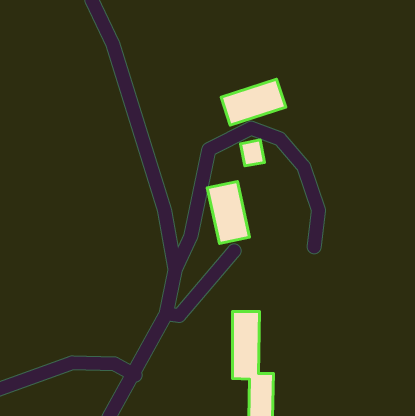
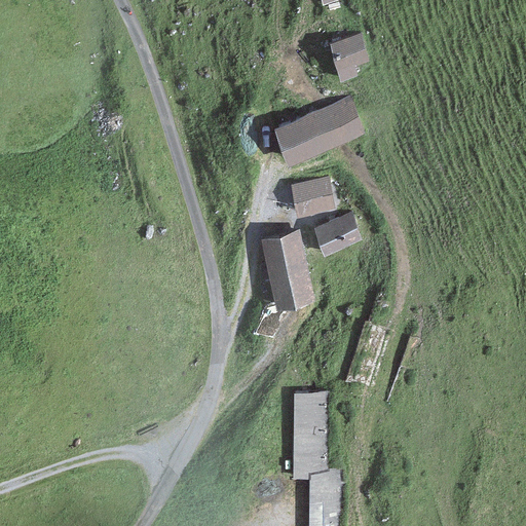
building: none -> [334,37,368,74]
building: none -> [316,214,360,250]

